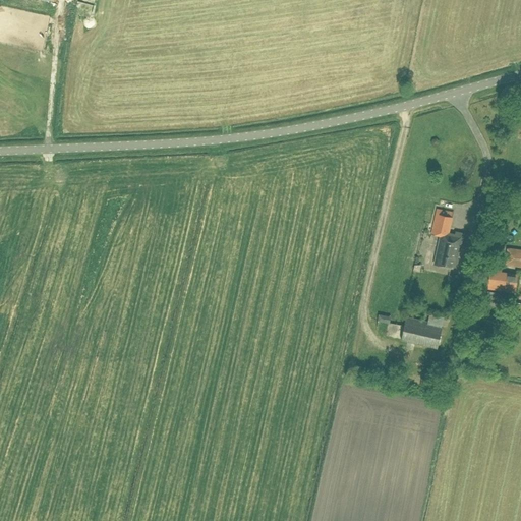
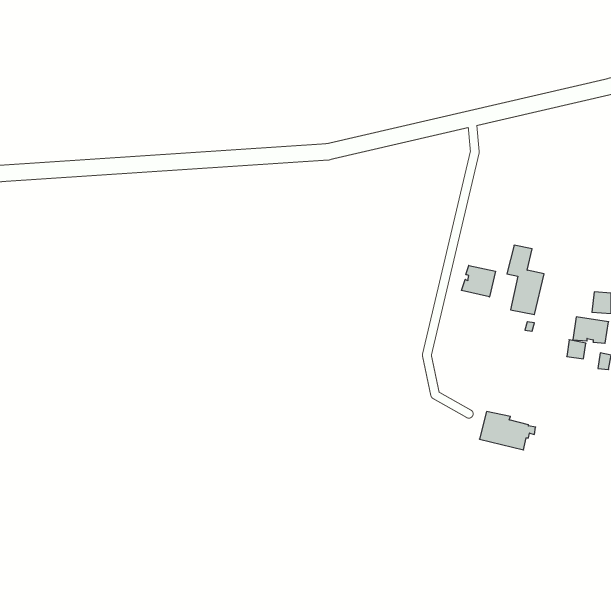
building: none -> [461,265,495,297]
building: [400,315,448,348] -> [479,412,536,450]

